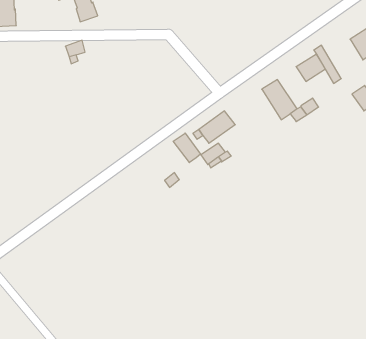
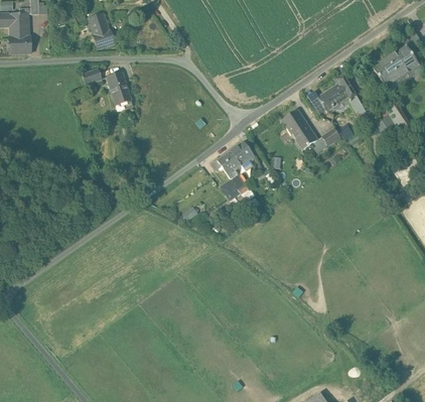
building: none -> [107,72,133,108]
building: [173,133,201,163] -> none

